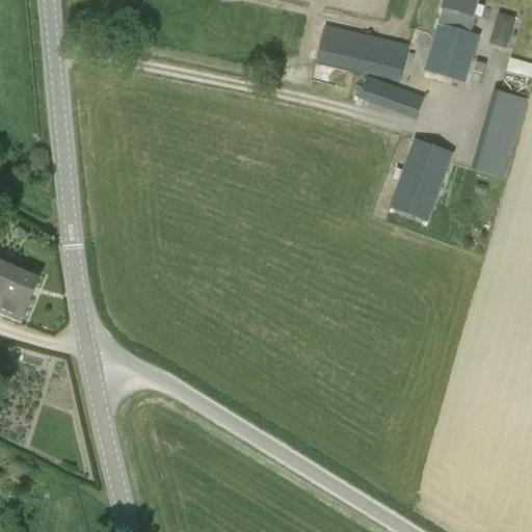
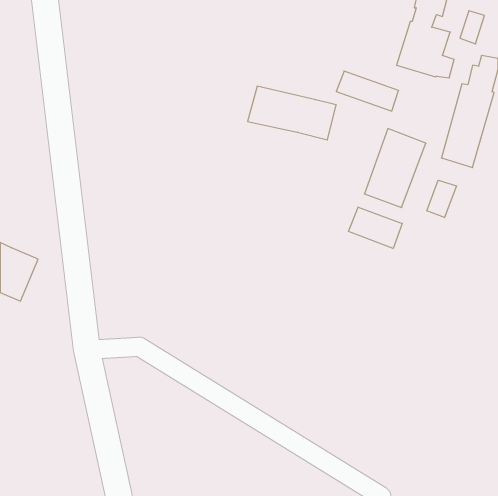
building: [315,24,409,81] -> [248,86,336,140]
building: none -> [427,180,457,218]
building: none -> [349,207,402,248]

